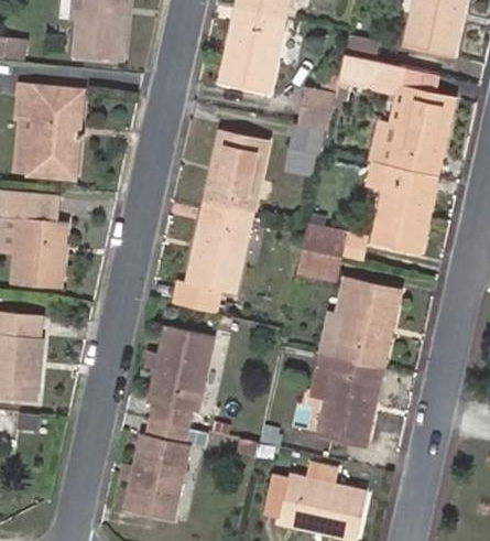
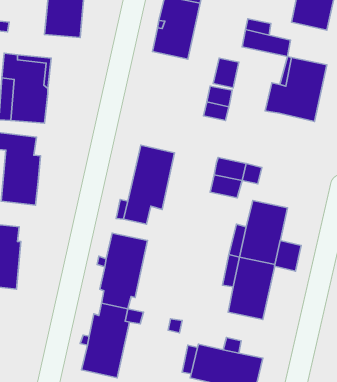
building: [204,132,266,217] -> none
building: [368,162,436,250] -> none
building: none -> [275,240,301,271]

